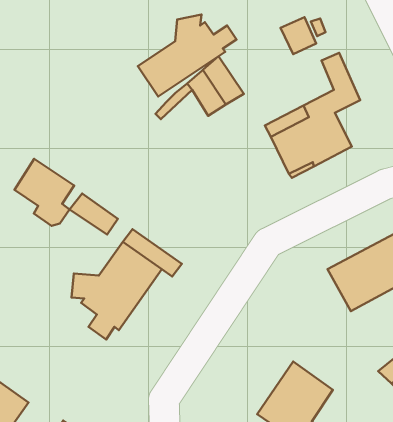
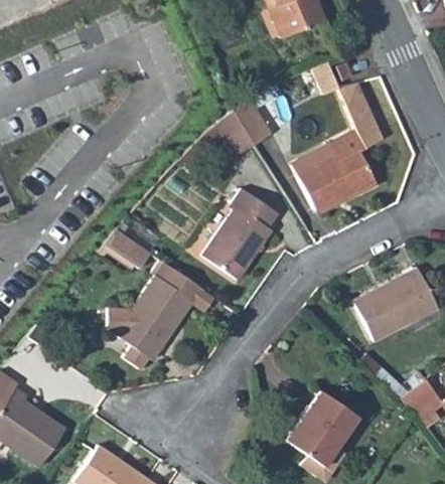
building: [138,15,237,96] -> none
building: none -> [204,188,279,279]
building: [15,159,74,226] -> none

